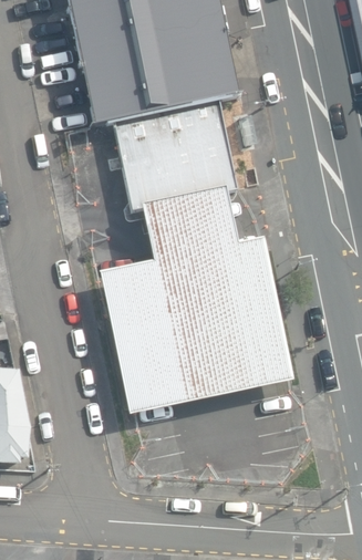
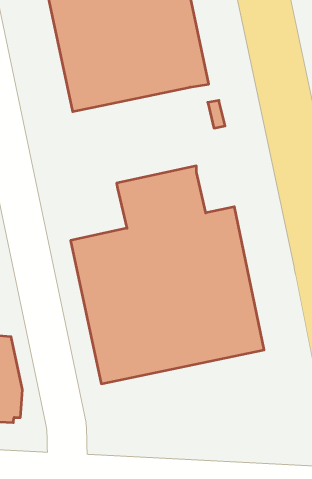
building: [112,98,238,209] -> none

